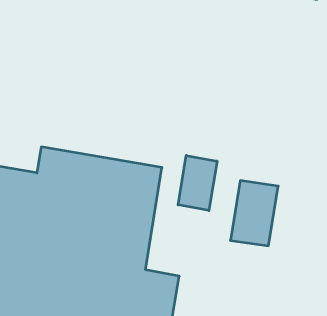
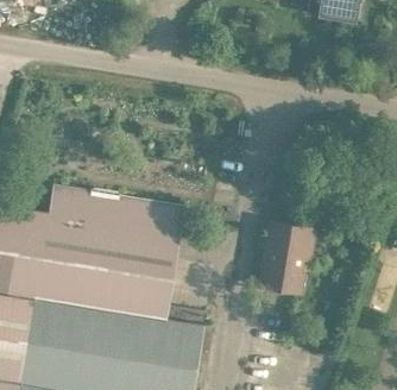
building: [178,155,217,211] -> none

